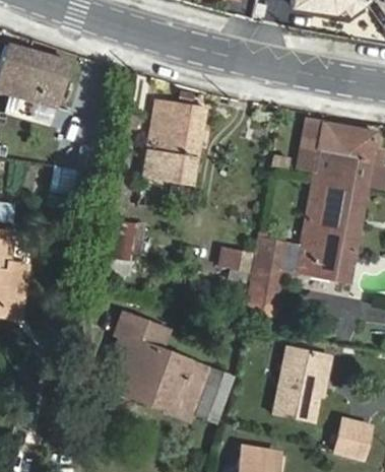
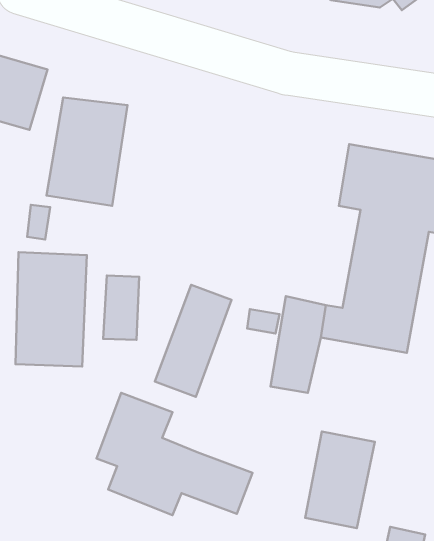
building: [141,99,205,185] -> [46,98,128,206]
building: none -> [15,252,87,366]
building: none -> [155,285,231,397]

